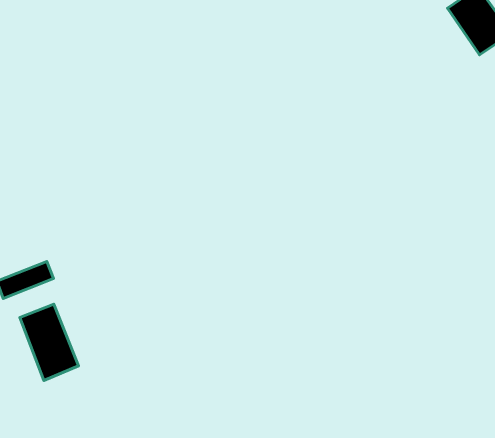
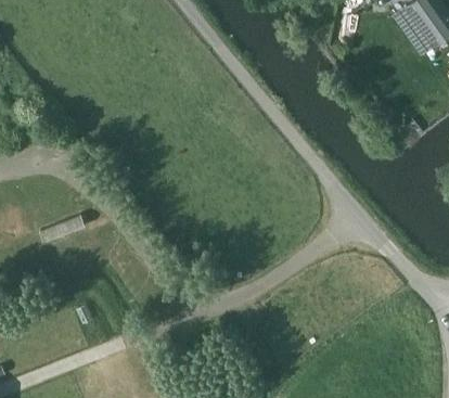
building: [20,304,78,380] -> none

